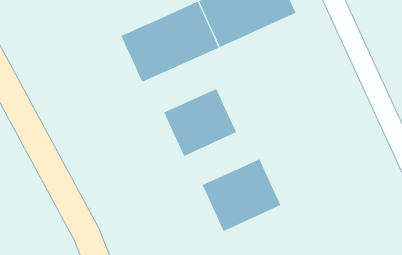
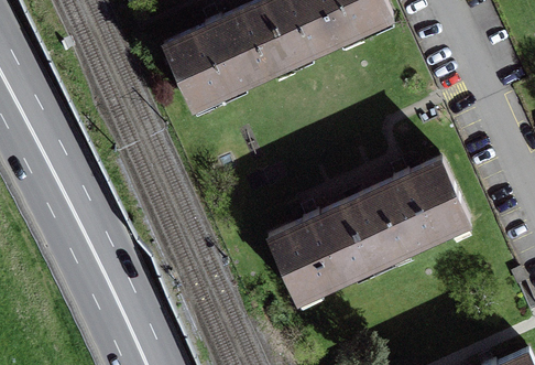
building: [163,88,237,157] -> none
building: none -> [343,163,469,268]

